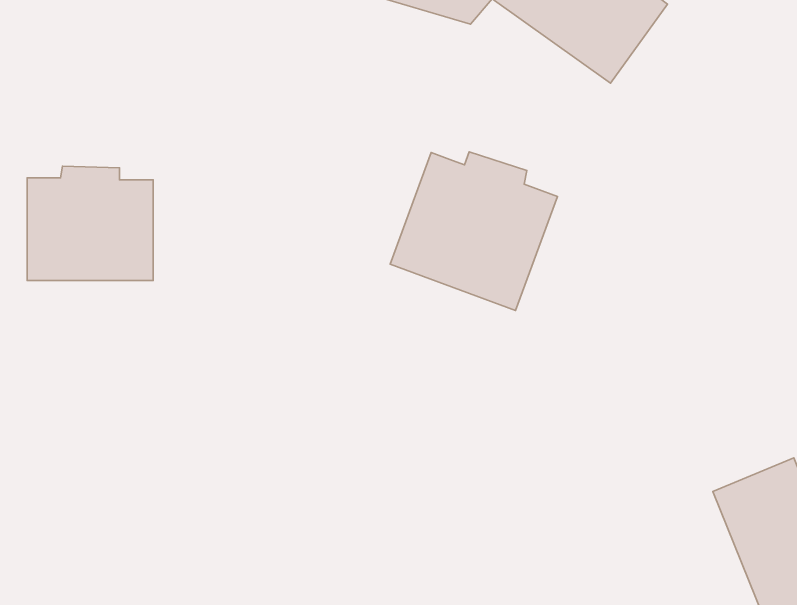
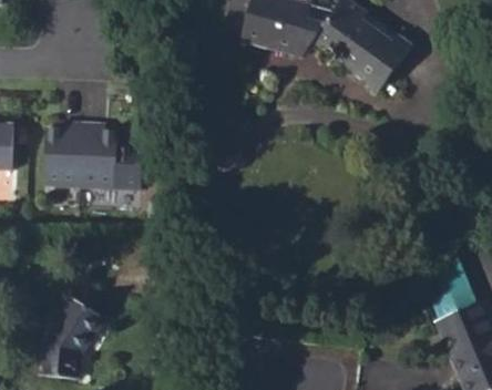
building: [390,152,557,310] -> none
building: none -> [38,291,102,371]

